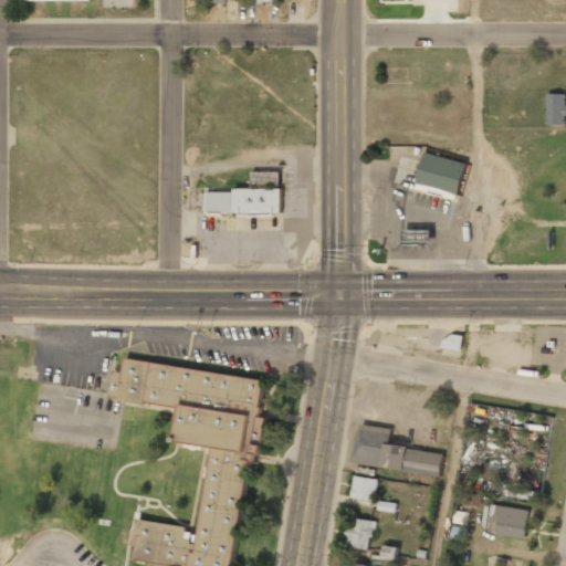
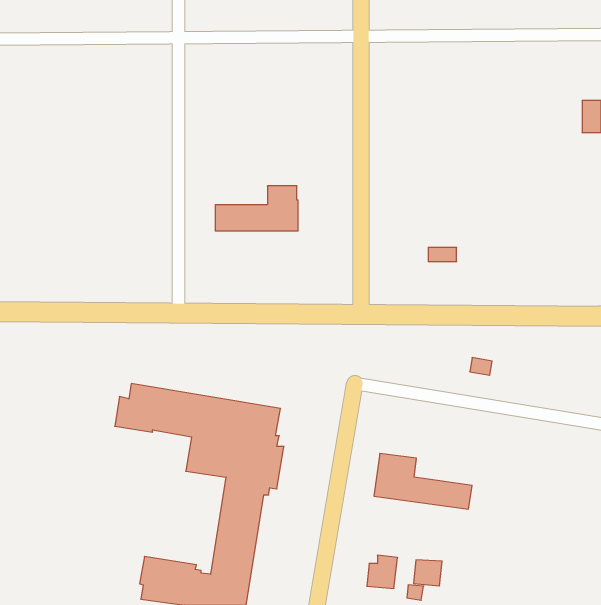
building: [412,154,463,199] -> none
building: [348,476,375,501] -> [414,560,442,586]
building: [486,506,526,538] -> none

